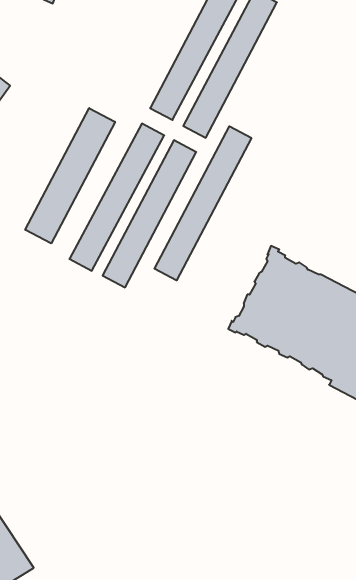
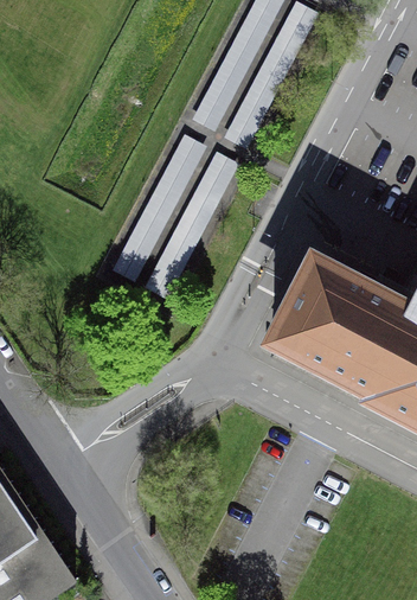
building: [25,108,115,243] -> none
building: [154,126,251,280] -> none

